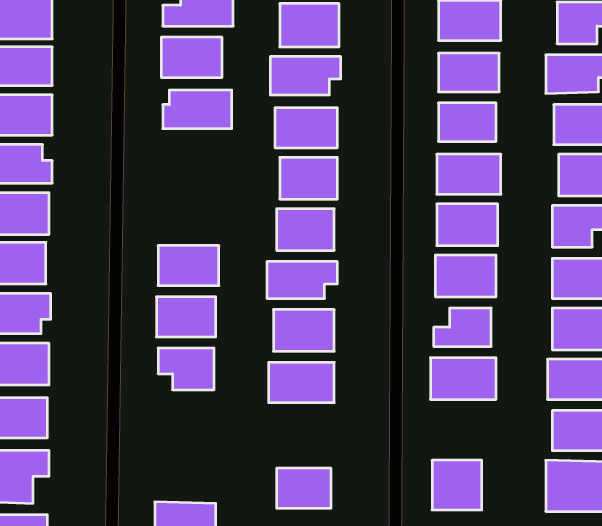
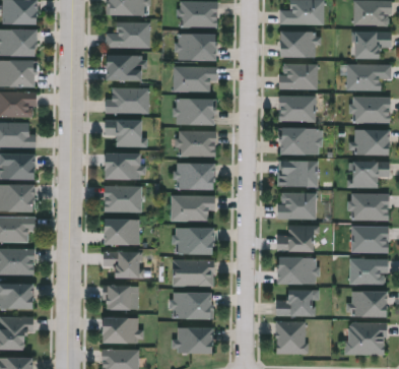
building: none -> [105,119,142,145]
building: none -> [103,152,144,179]
building: none -> [103,284,138,310]
building: none -> [276,290,316,316]
building: none -> [175,292,212,318]
building: none -> [101,317,139,344]

